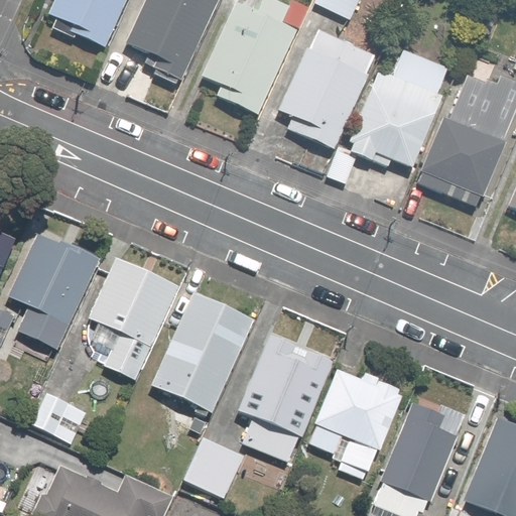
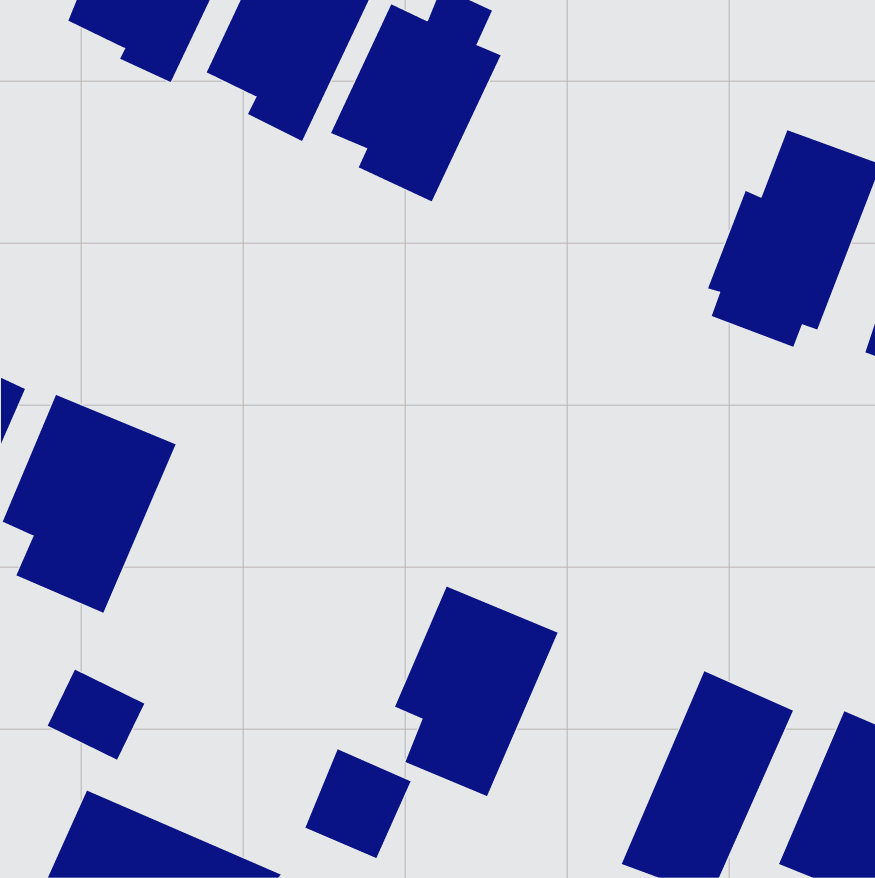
building: [275,46,368,151] -> none
building: [348,48,450,167] -> none
building: [86,253,184,385] -> none
building: [150,291,257,416] -> none
building: [300,371,408,482] -> none

